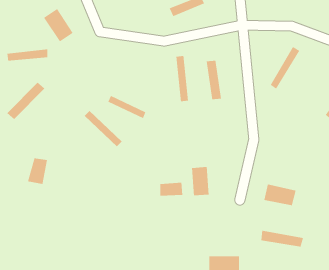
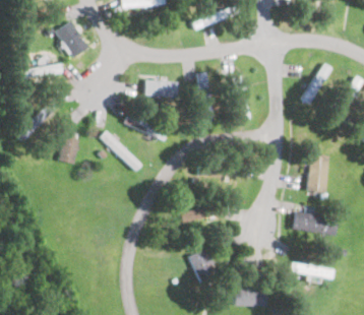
building: none -> [144,81,176,97]
building: none -> [305,153,328,193]
building: [27,158,48,184] -> [58,135,80,164]
building: [191,166,209,196] -> none
building: none -> [188,248,217,282]

